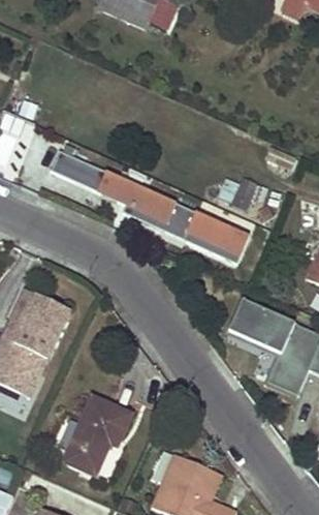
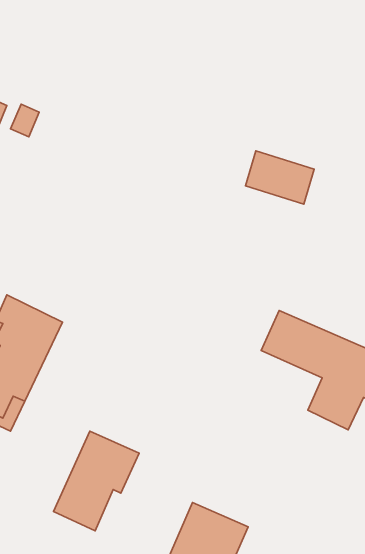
building: [51,151,249,264] -> none

